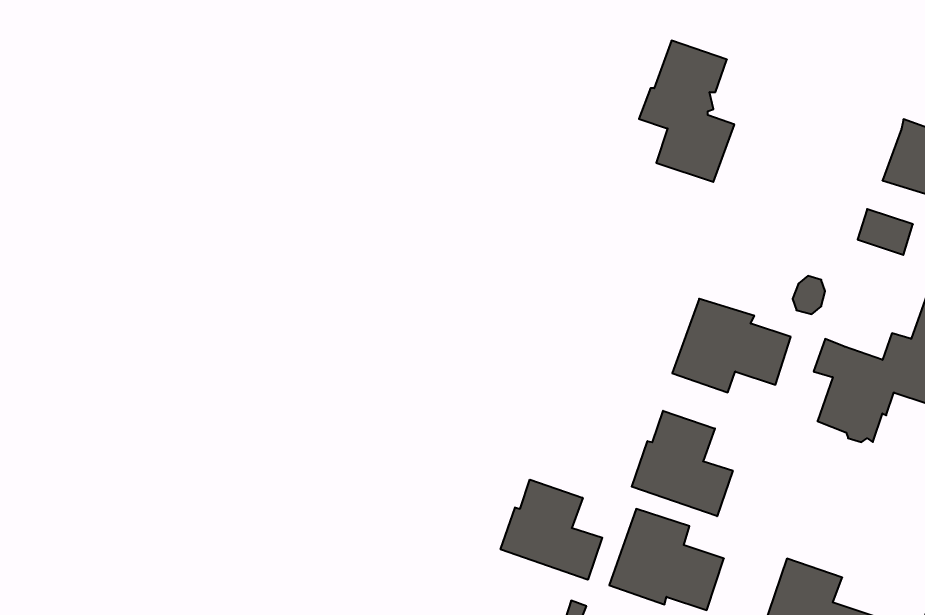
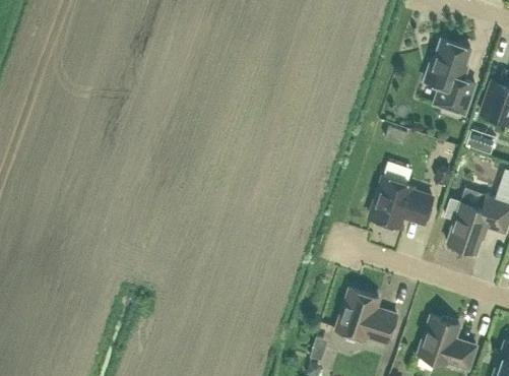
building: [639,41,734,182] -> [425,39,475,114]
building: [632,411,733,516] -> none
building: [501,480,602,580] -> none

